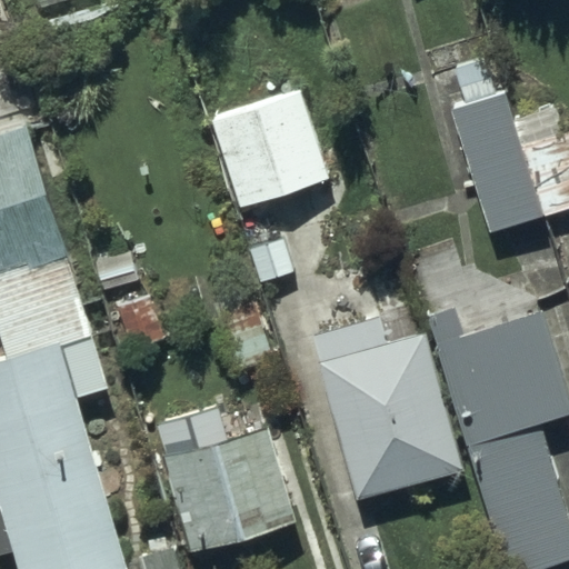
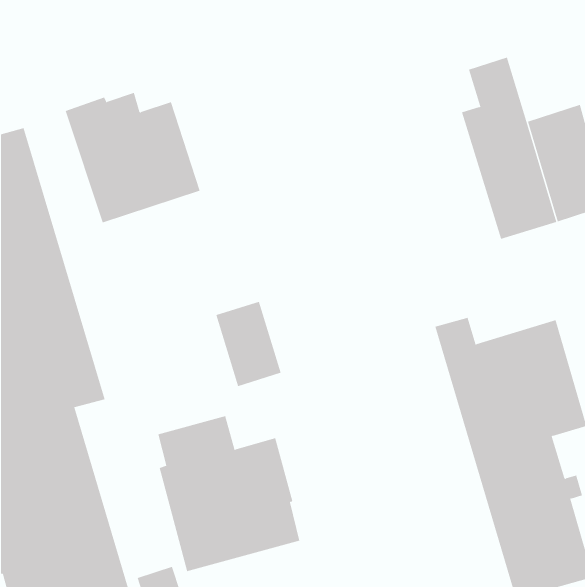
building: [201,83,331,209] -> [65,92,201,223]
building: [312,319,458,501] -> none

